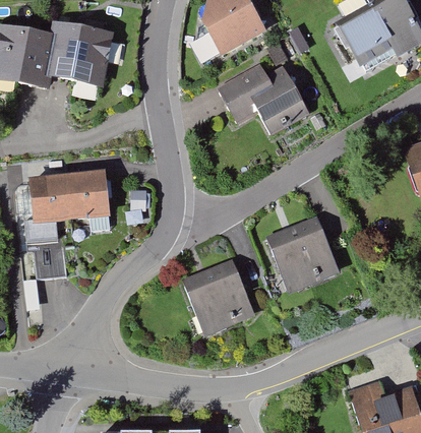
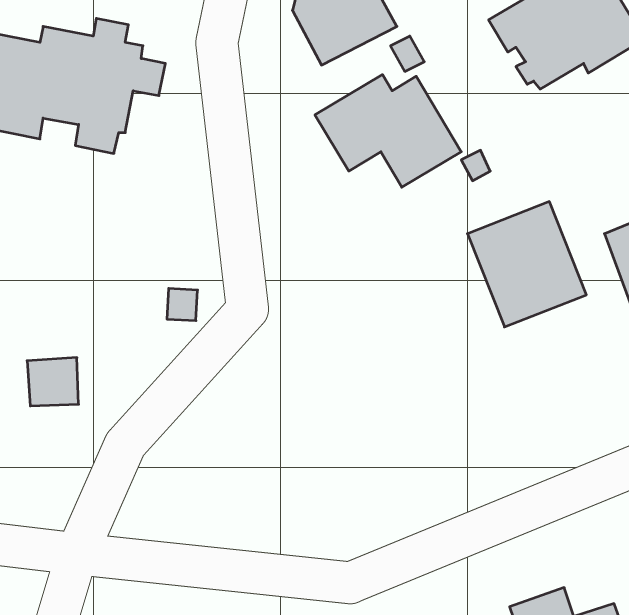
building: [32,168,113,228] -> none
building: [264,209,340,289] -> [467,202,586,327]
building: [180,255,252,332] -> none

